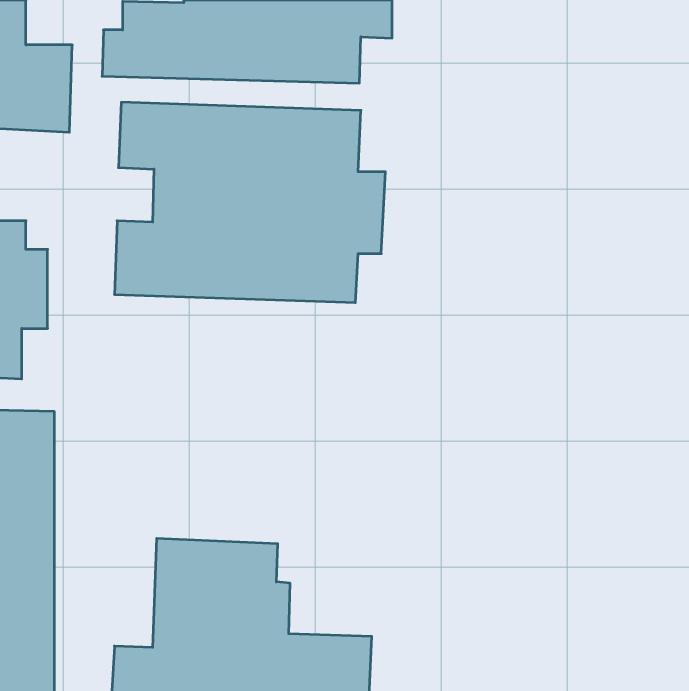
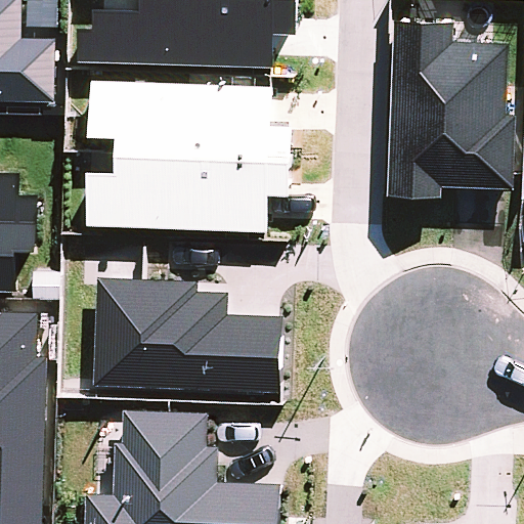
building: none -> [383,20,512,193]
building: none -> [91,278,282,394]

